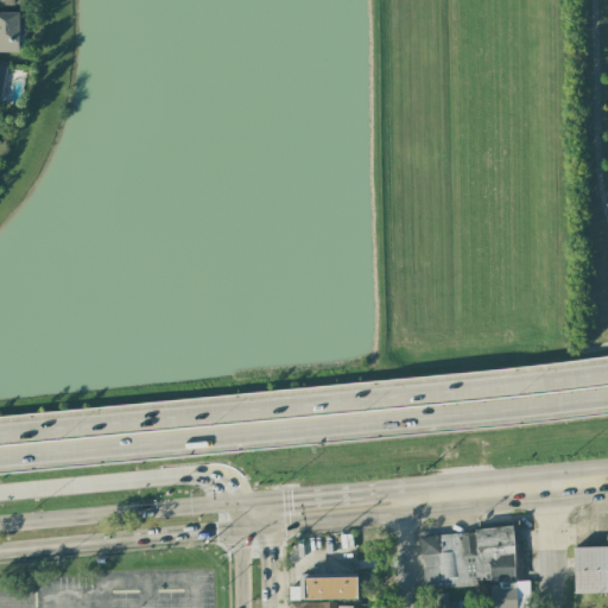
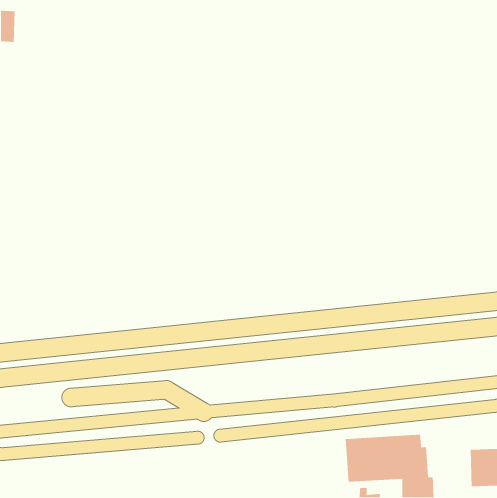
building: [290,577,359,600] -> none

